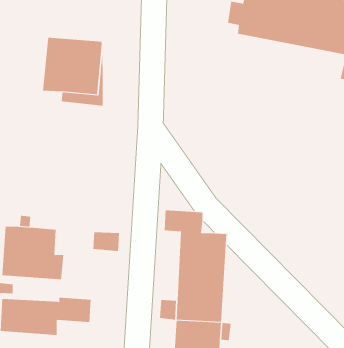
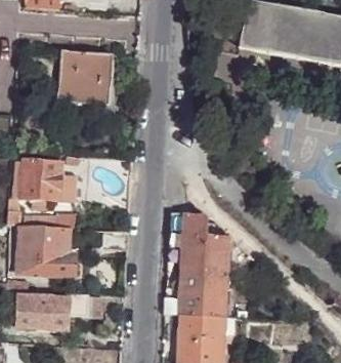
building: none -> [19,157,76,202]

